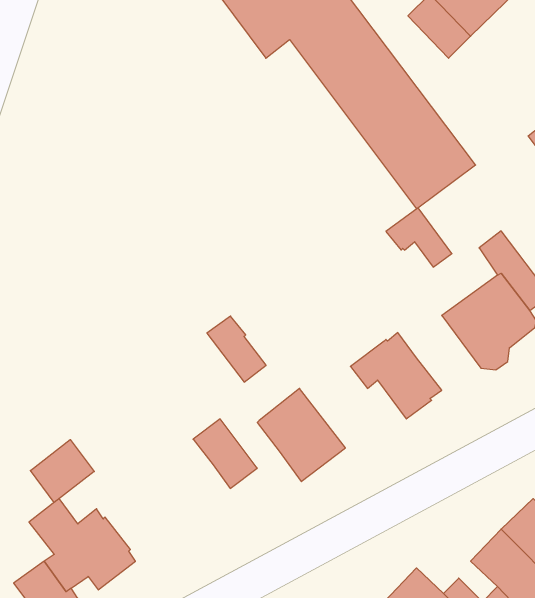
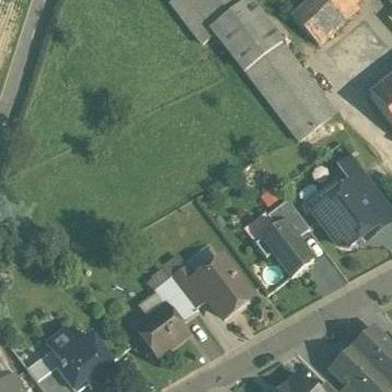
building: [386,208,452,267] -> [266,197,309,235]
building: [207,316,266,382] -> [170,264,208,307]
building: [30,440,94,502] -> none
building: none -> [136,304,185,354]

